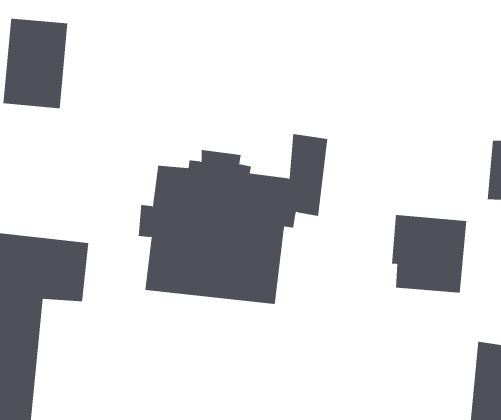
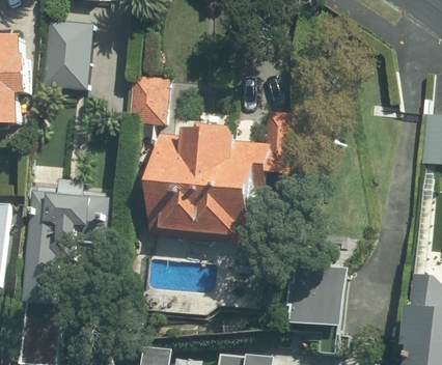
building: none -> [126,75,167,122]
building: [391,214,467,293] -> [287,263,348,326]

